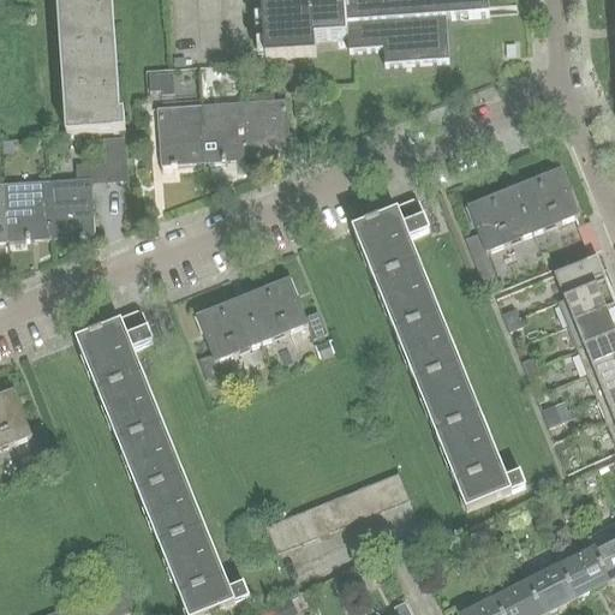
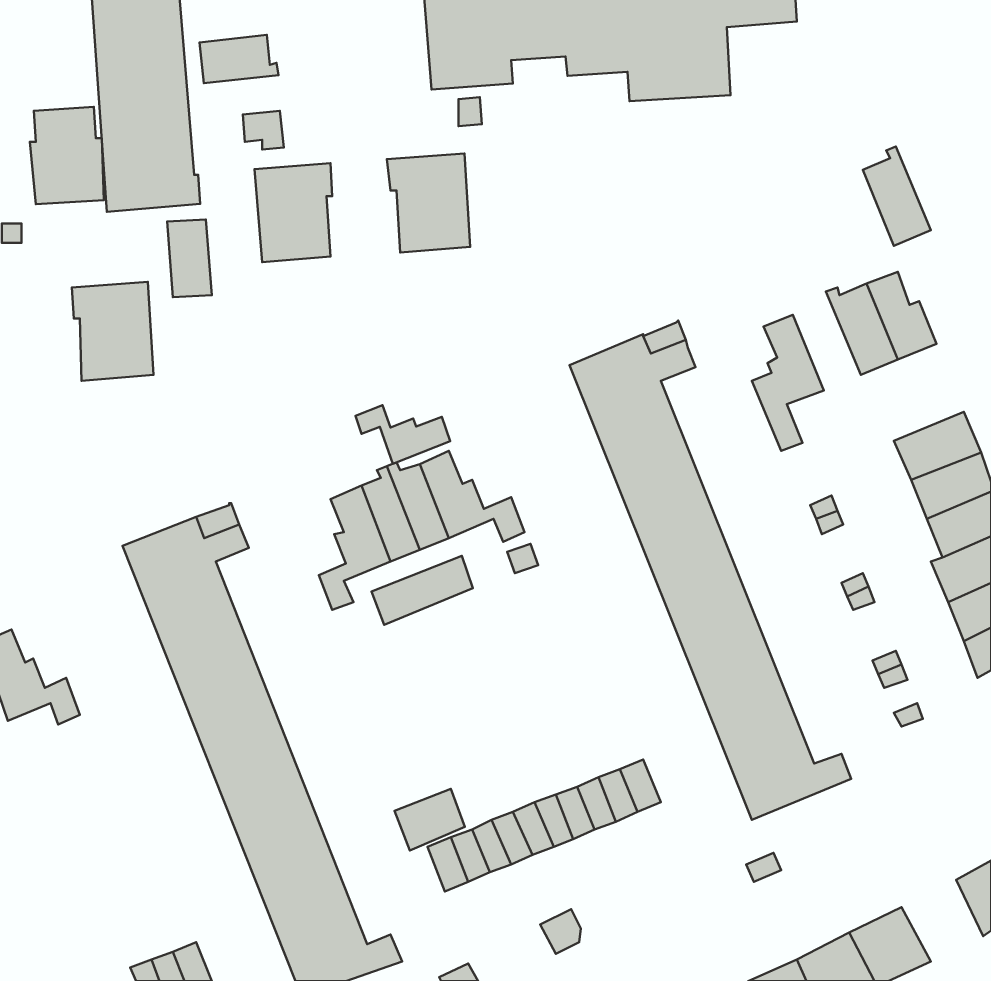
building: none -> [200,35,278,83]
building: [202,98,247,159] -> none
building: [5,178,50,238] -> [30,107,104,204]
building: [490,180,532,241] -> [863,147,931,246]
building: none -> [355,405,450,464]
building: none -> [372,556,473,625]
building: none -> [395,789,465,850]
building: [557,544,608,595] -> none

